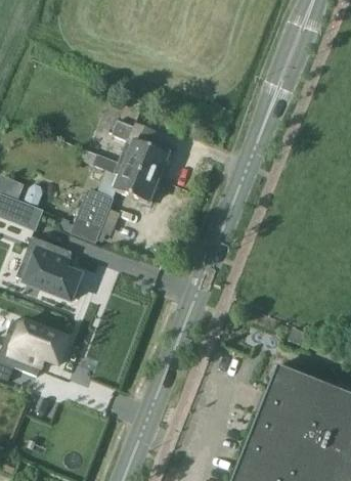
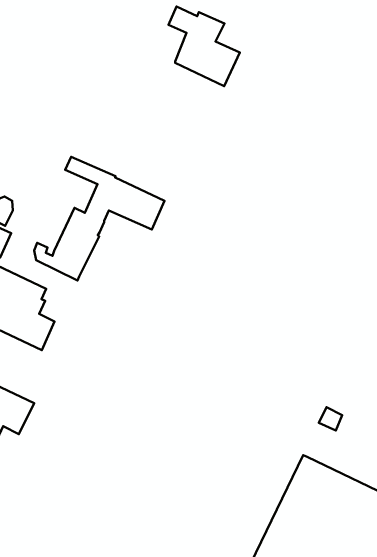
building: [113,121,169,179] -> [168,7,240,86]

